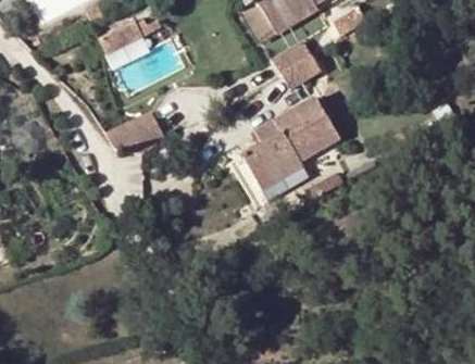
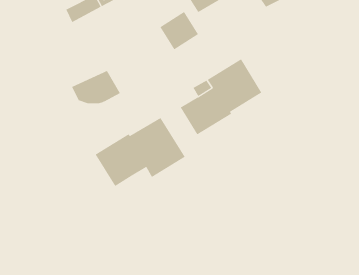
building: [272,40,320,88] -> [159,11,199,50]
building: none -> [95,117,185,187]

